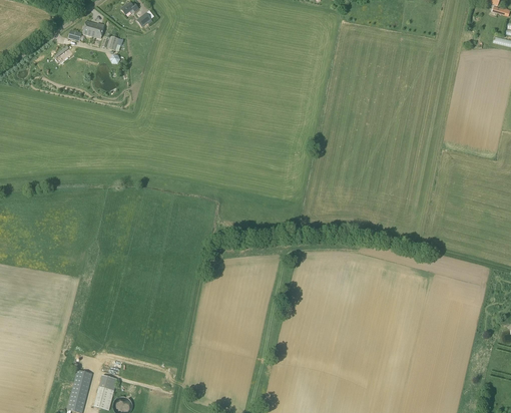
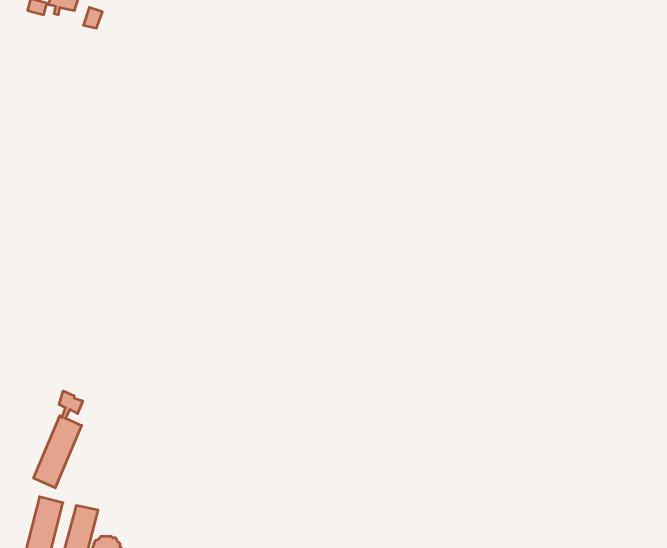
building: none -> [34,391,83,488]

